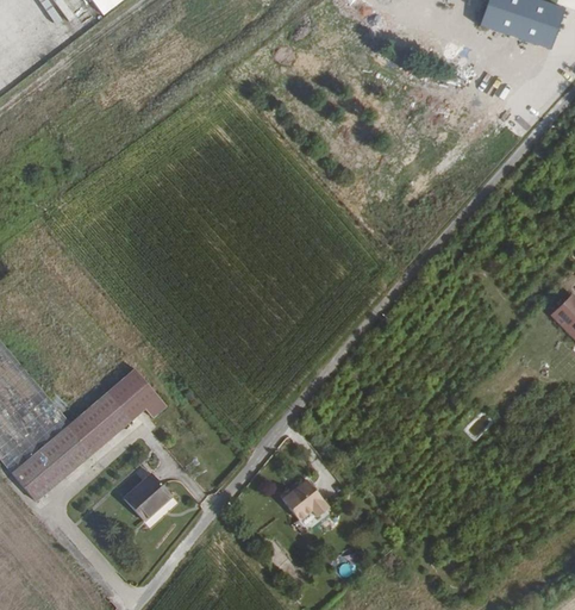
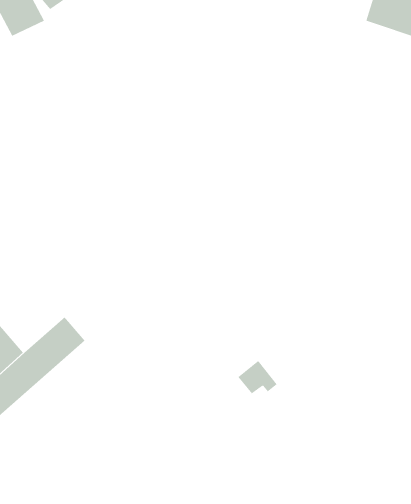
building: [119,367,165,416] -> none
building: [120,473,168,521] -> none
building: [282,477,330,517] -> [238,360,277,394]

